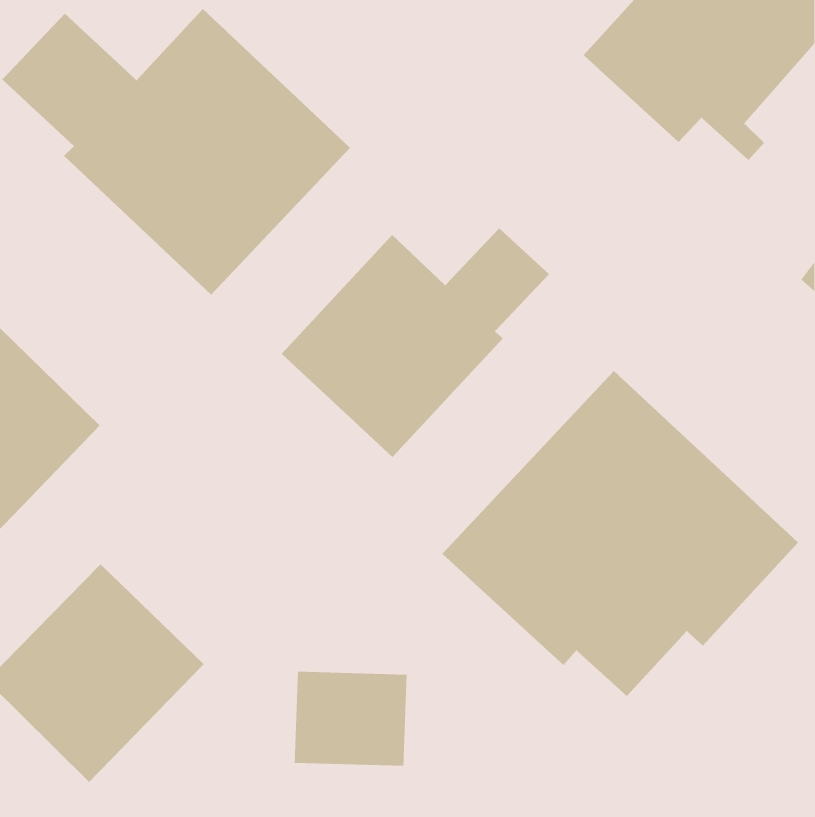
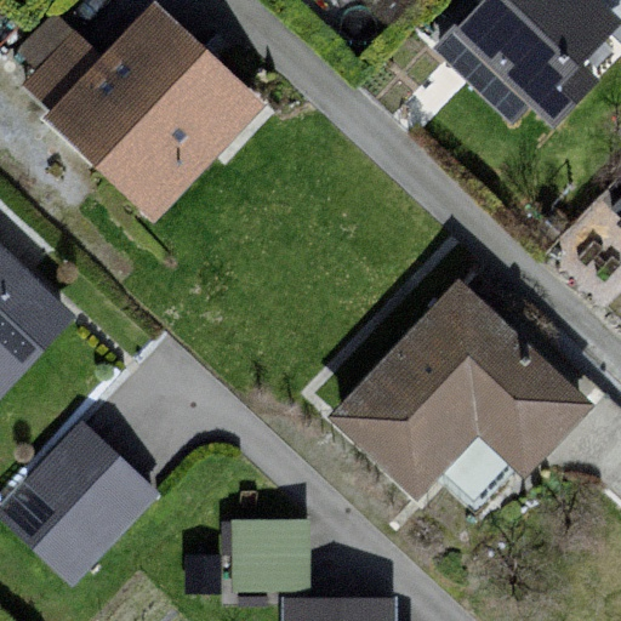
building: [281,227,550,458] -> none

